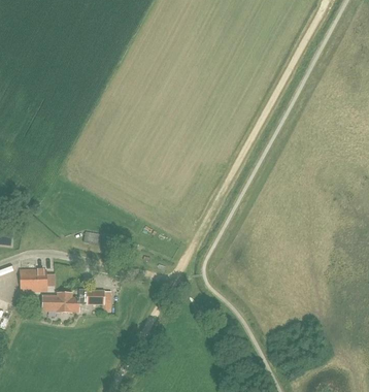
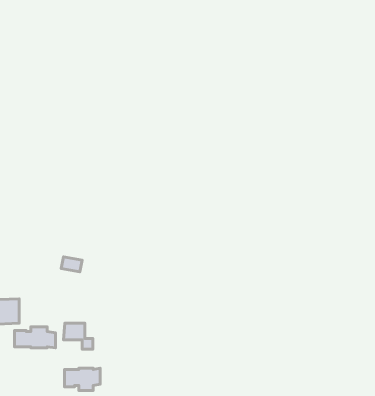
building: none -> [64,368,100,390]

